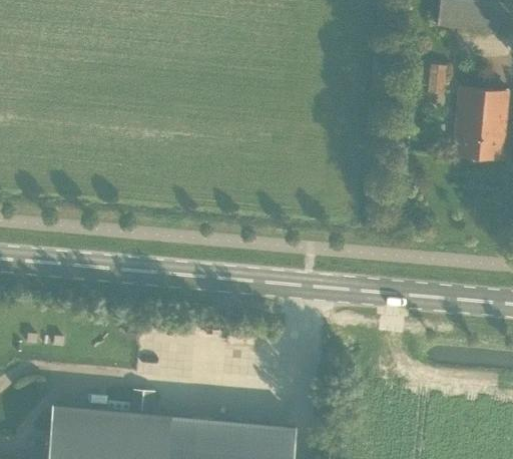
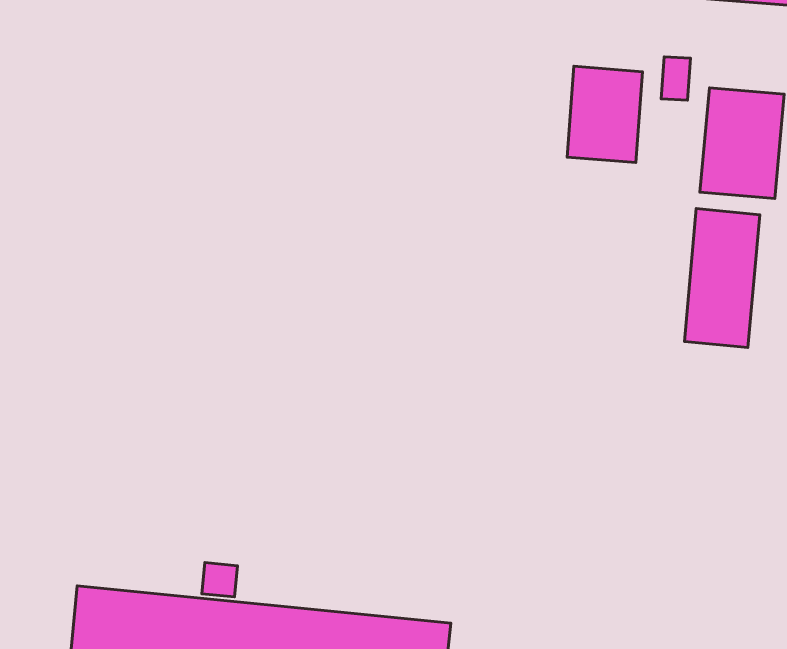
building: none -> [567,66,642,162]
building: none -> [684,208,760,348]

